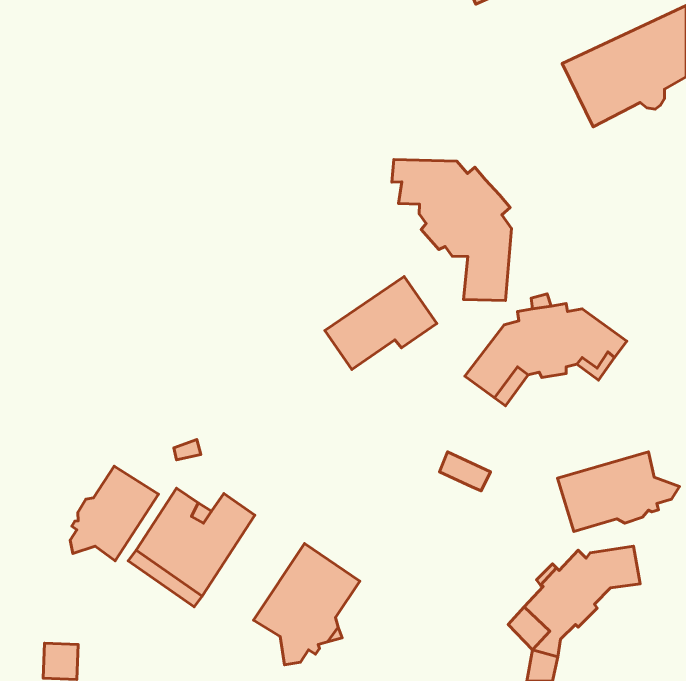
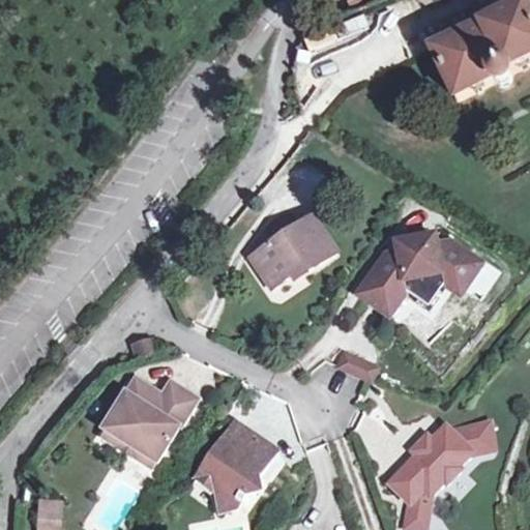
building: [392,160,511,300] -> none
building: [558,452,680,531] -> none
building: [70,466,158,561] -> none

